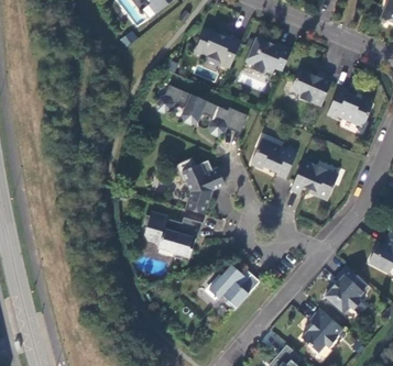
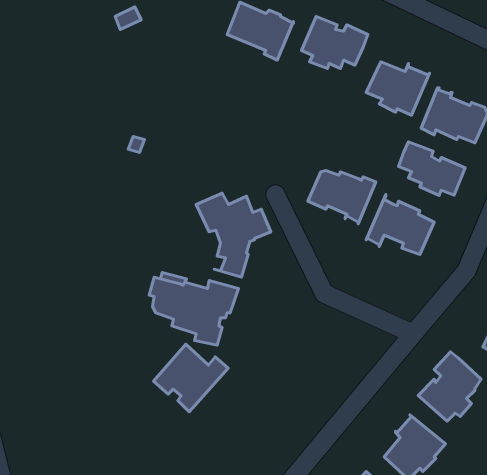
building: [155,85,248,135] -> none
building: none -> [398,142,465,196]
building: [209,264,260,310] -> [154,344,228,412]

